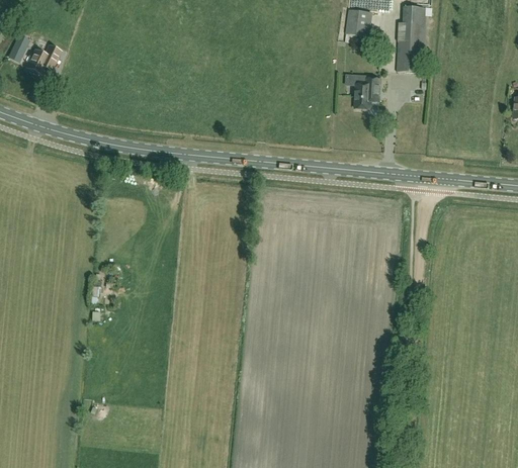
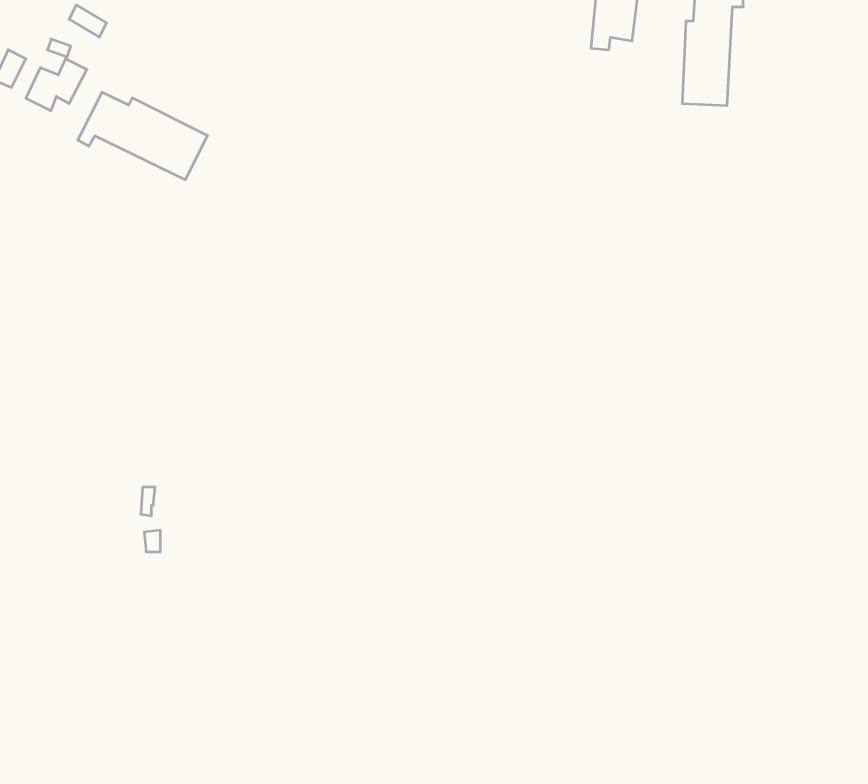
building: none -> [78,92,208,180]
building: [354,77,379,109] -> none

